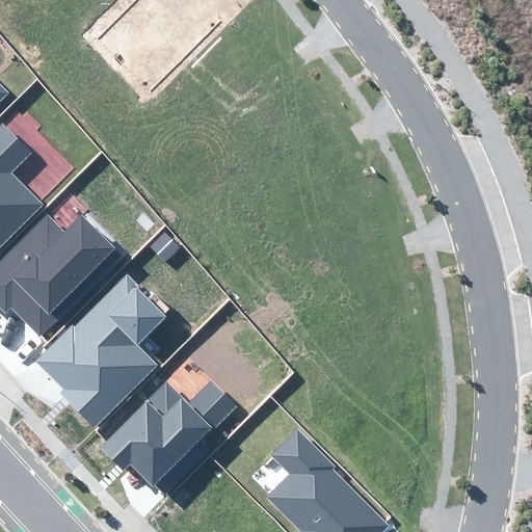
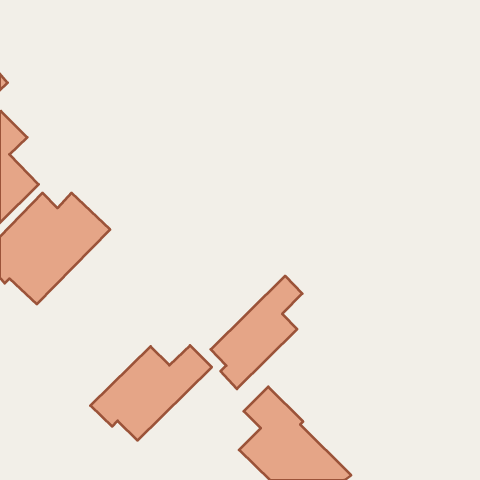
building: [36,273,168,425] -> none
building: none -> [211,276,302,389]

